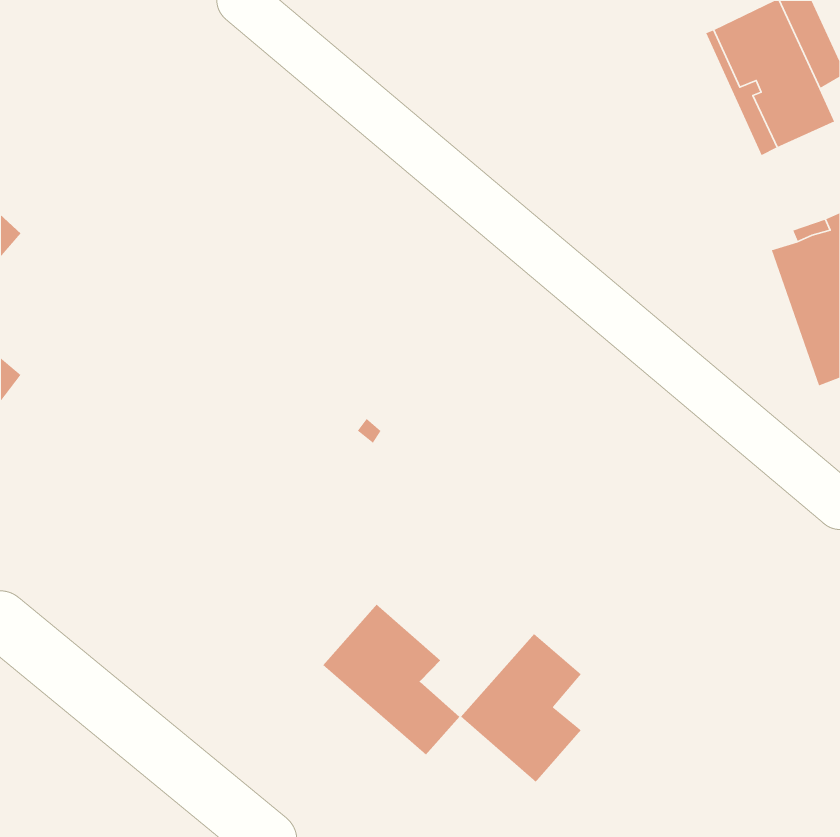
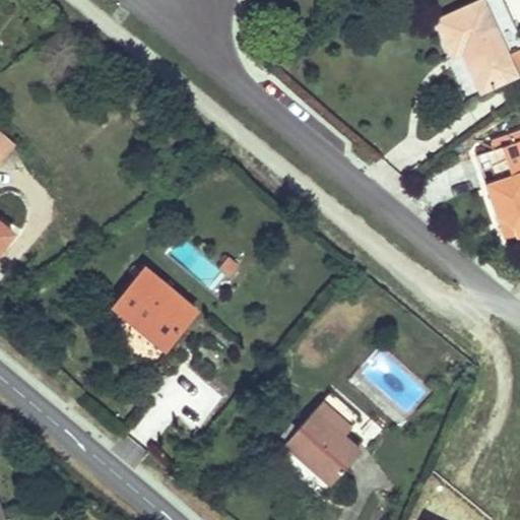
building: none -> [114,270,196,349]
building: [322,603,460,755] -> none

